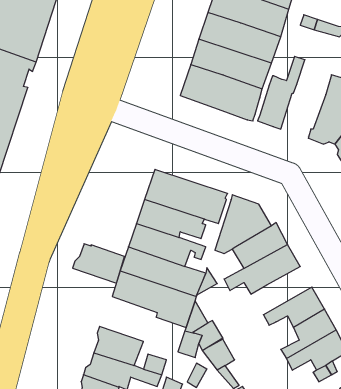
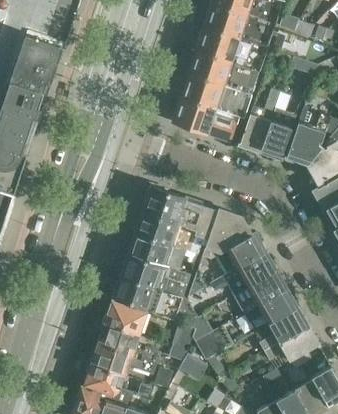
building: none -> [260,91,297,158]
building: [73,244,125,283] -> [103,301,148,335]
building: none -> [234,270,287,312]

